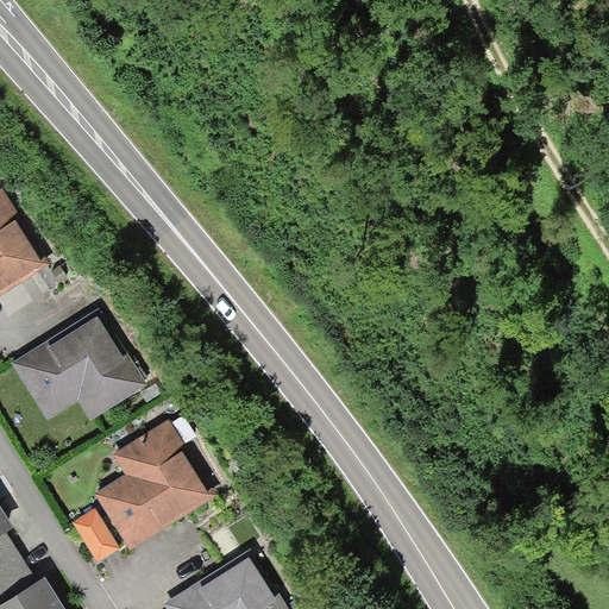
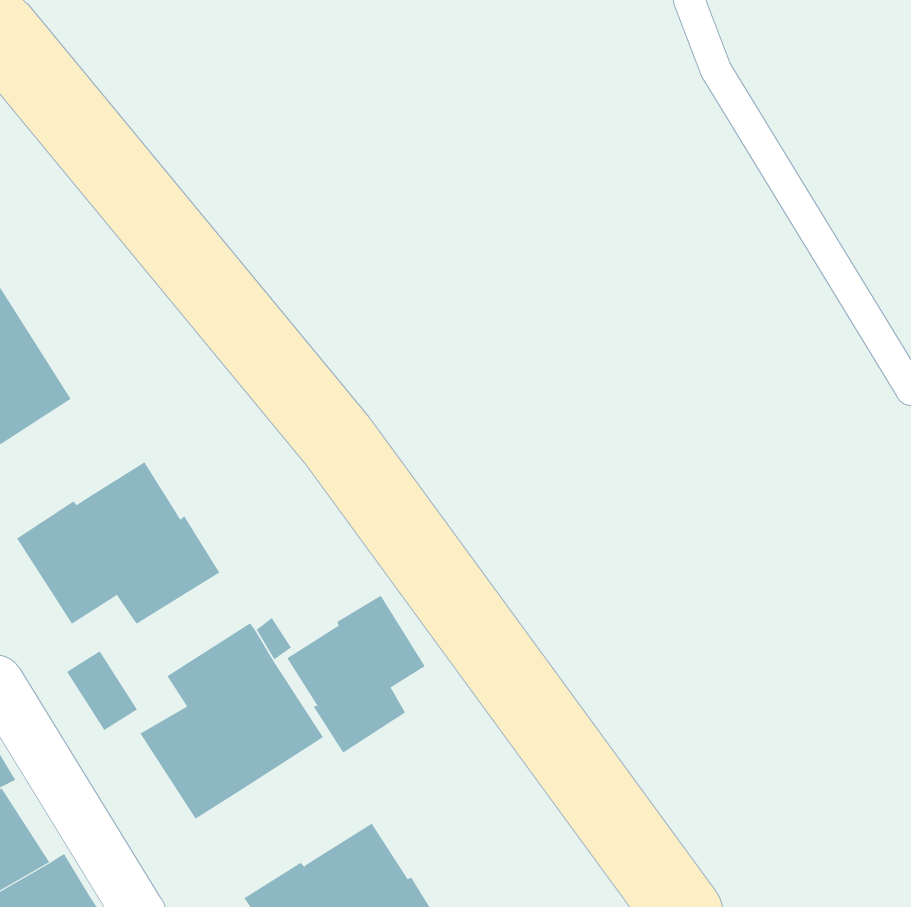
building: none -> [287,595,426,753]
building: [70,509,118,563] -> [66,650,138,731]

